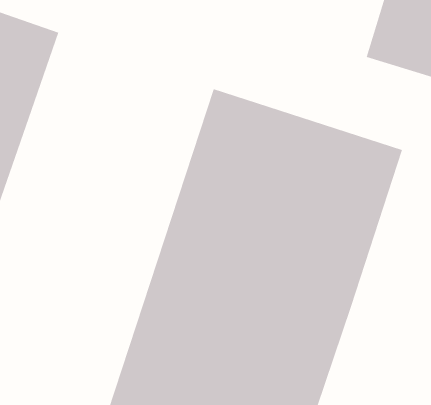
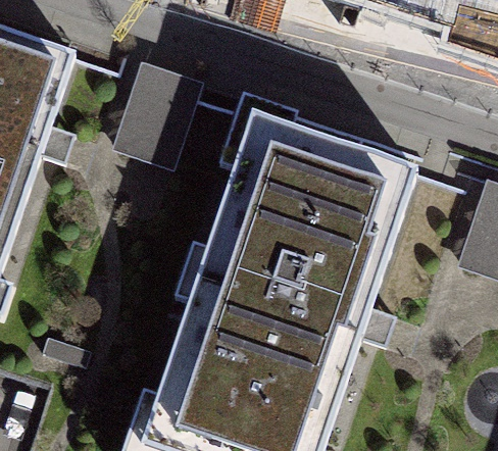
building: none -> [112,63,199,167]

